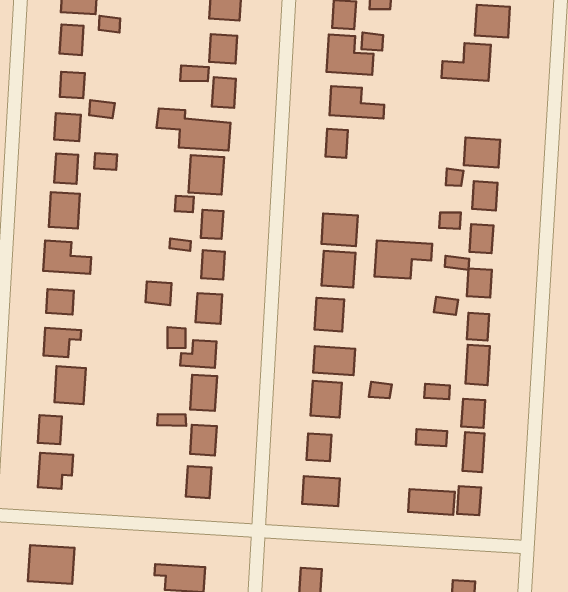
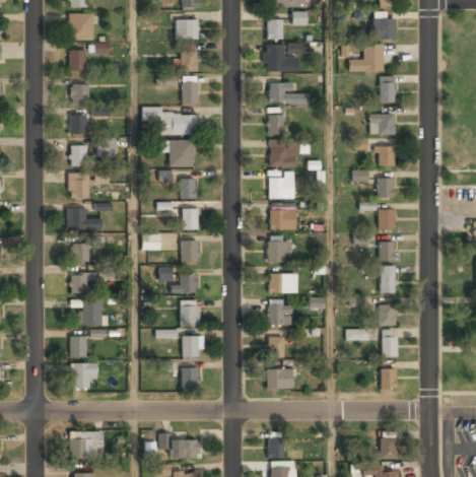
building: none -> [381,76,395,103]
building: [375,240,432,279] -> [270,140,311,166]
building: [408,489,455,515] -> none

